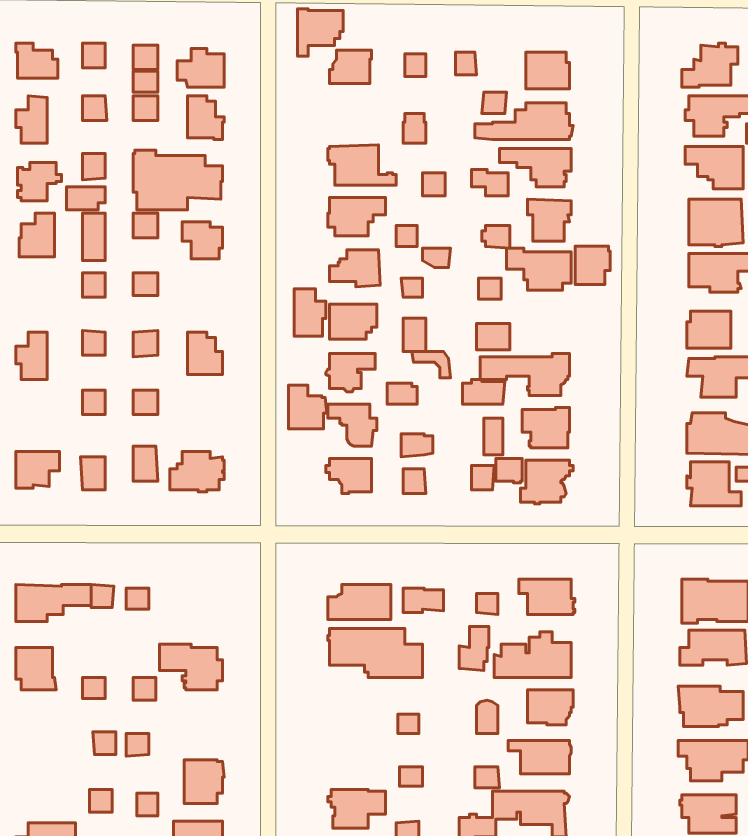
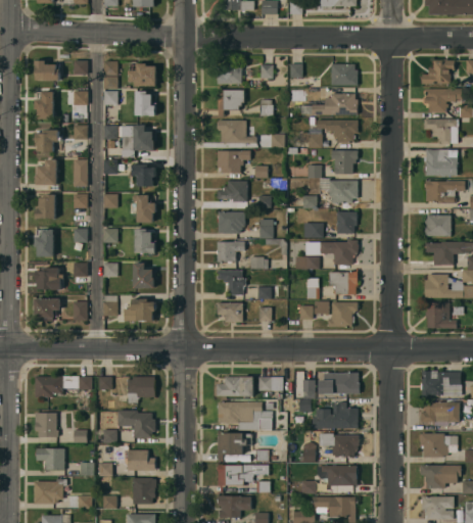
building: [298,9,343,56] -> [217,88,243,115]
building: [575,246,610,285] -> [336,211,357,234]
building: none -> [35,193,54,219]
building: [294,289,326,336] -> [136,194,154,222]
building: [288,385,327,429] -> [133,262,155,287]
building: none -> [34,267,57,288]
building: none -> [127,375,154,402]
building: none -> [217,433,250,460]
building: none -> [35,447,63,469]
building: none -> [125,448,154,469]
building: none -> [217,464,268,491]
building: none -> [33,478,65,503]

